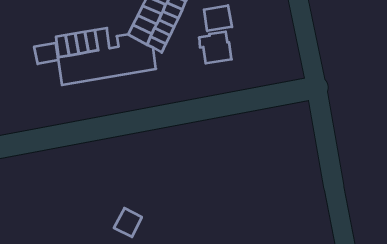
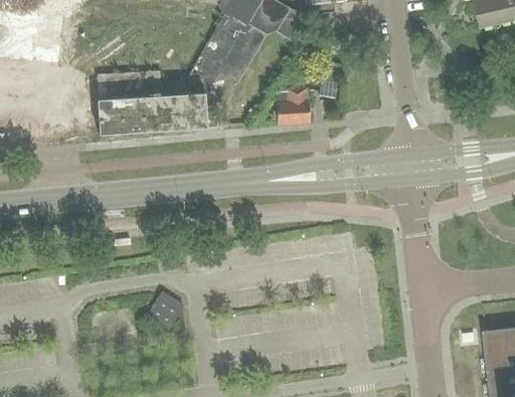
building: [204,5,232,31] -> none
building: [34,43,58,64] -> none

